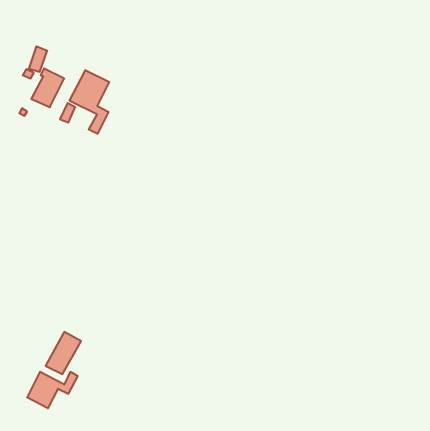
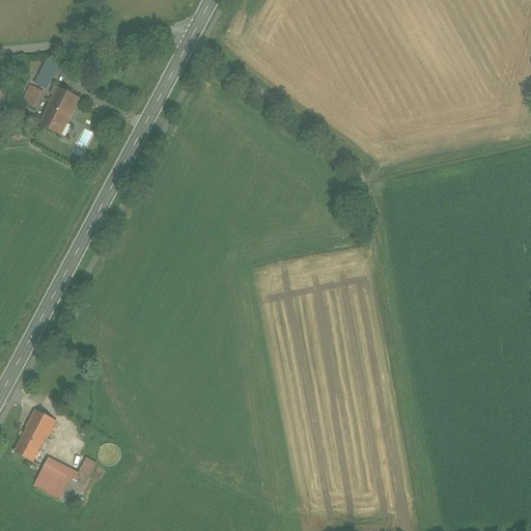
building: [70,70,109,134] -> none
building: [46,332,81,374] -> [12,409,56,460]

